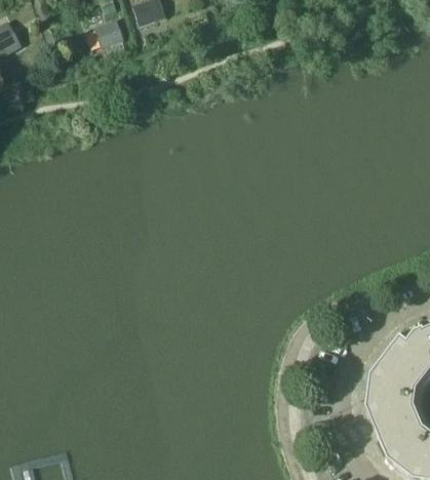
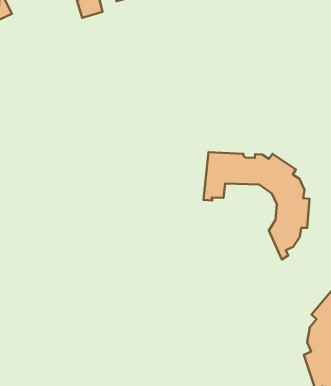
building: none -> [203,152,310,259]

